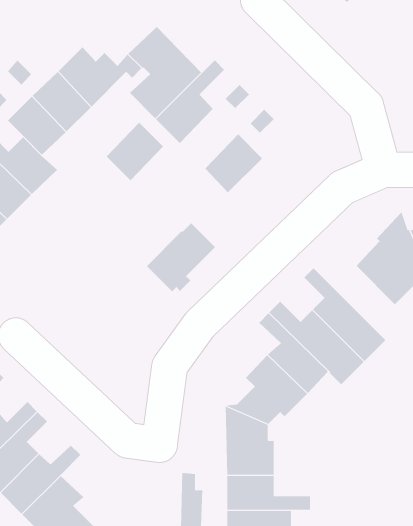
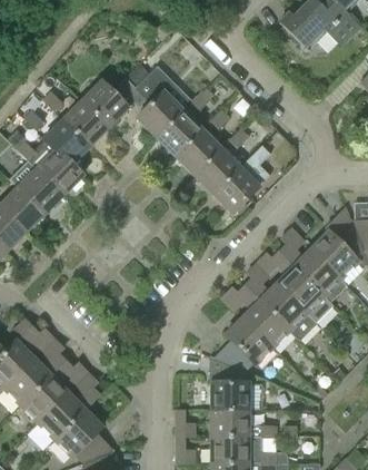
building: [106,122,164,181] -> [176,128,220,174]
building: [146,222,216,292] -> [212,159,266,213]
building: none -> [278,242,347,302]

